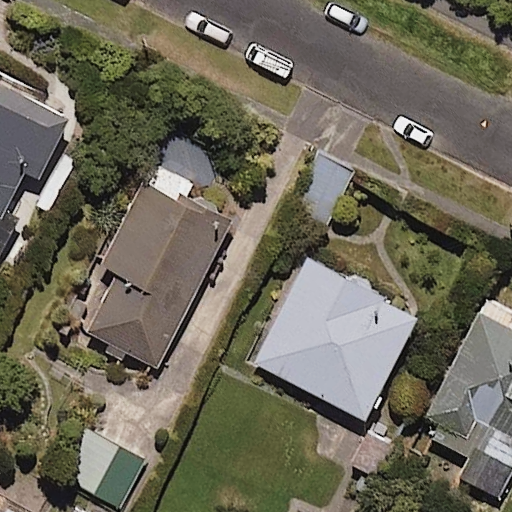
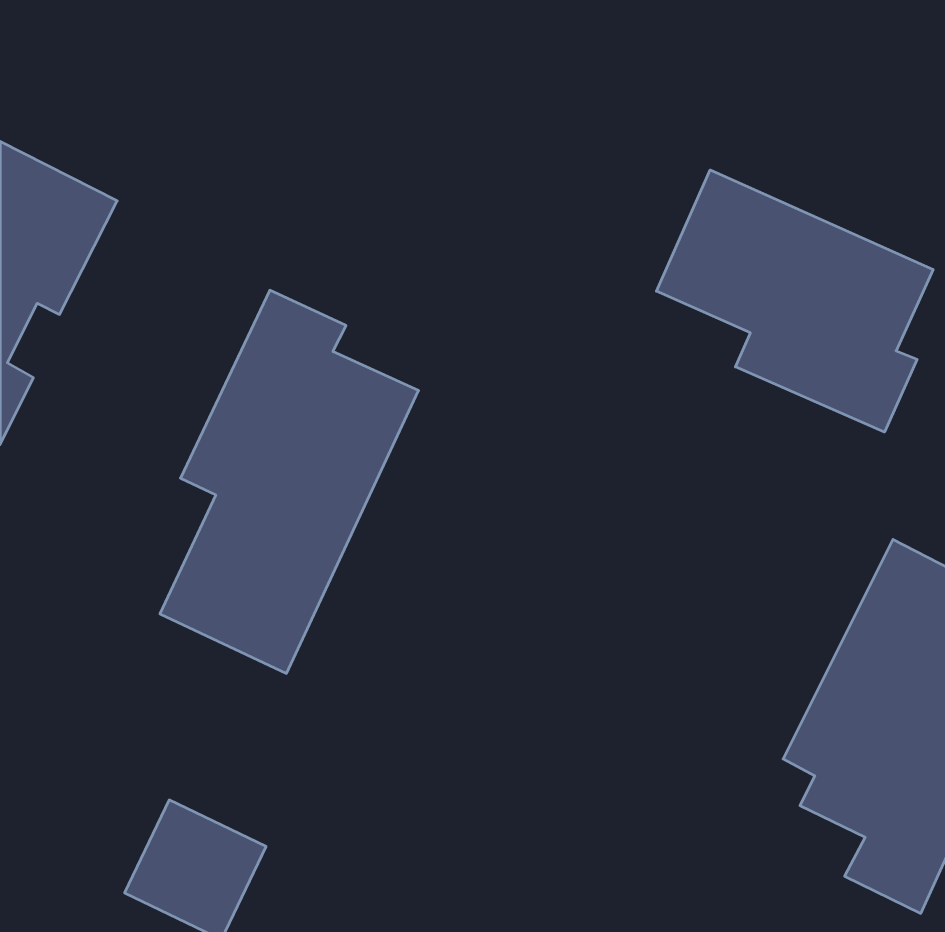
building: none -> [656,170,933,432]
building: [252,253,413,415] -> none

